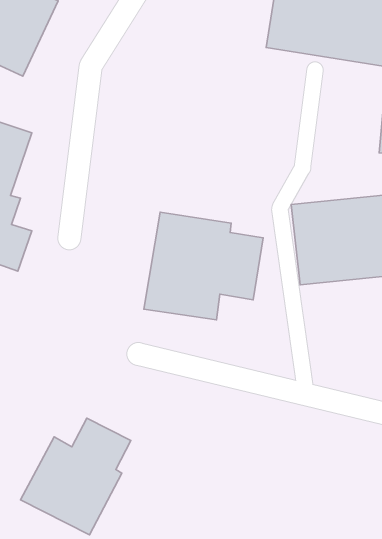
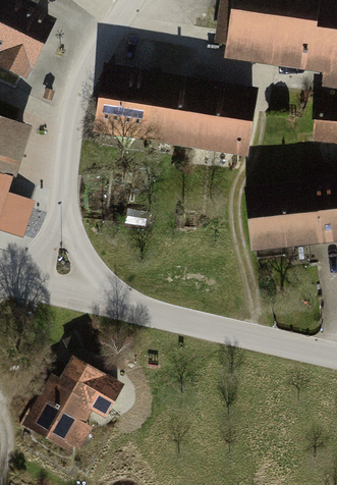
building: none -> [95,62,257,154]
building: [144,212,263,320] -> none

